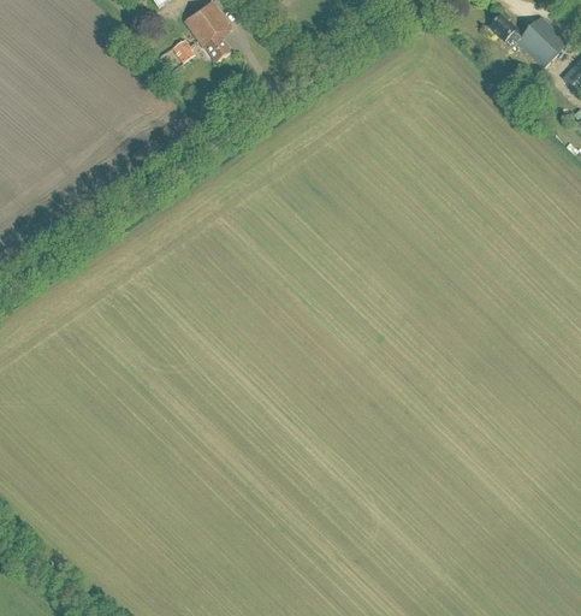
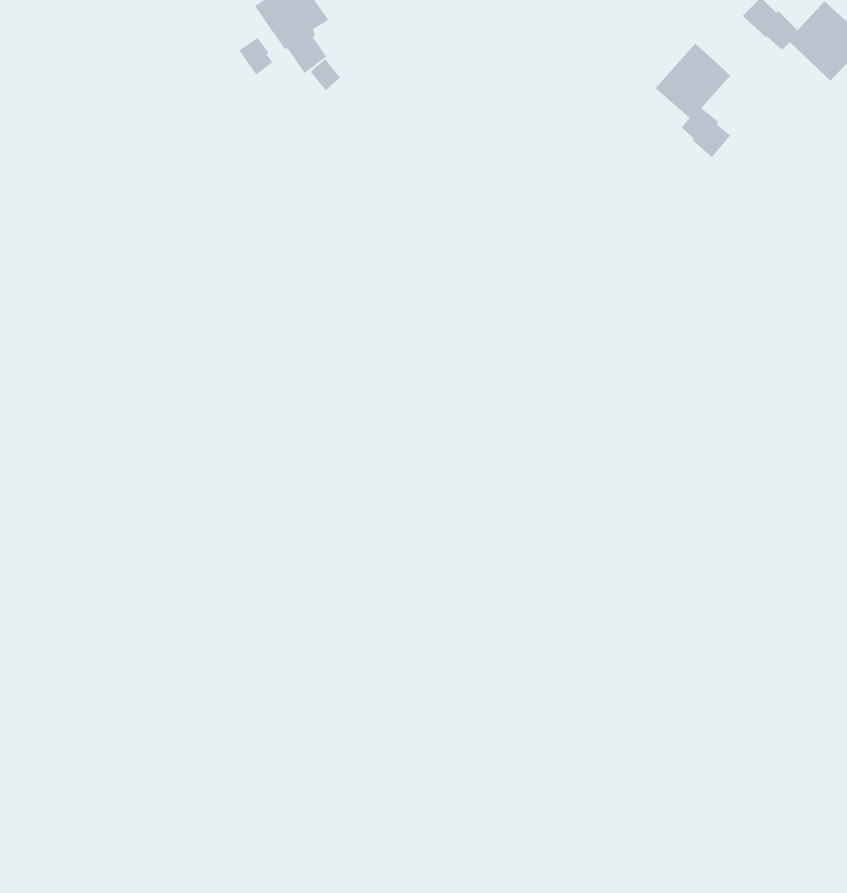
building: none -> [654,43,731,158]

